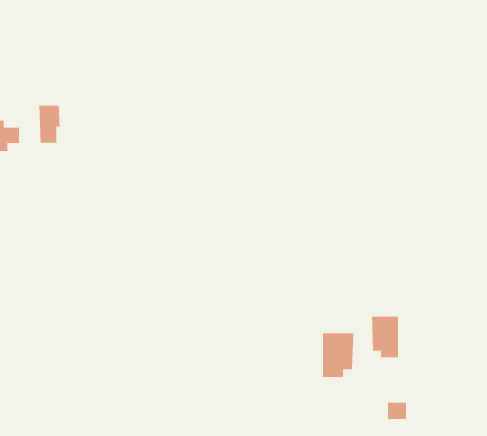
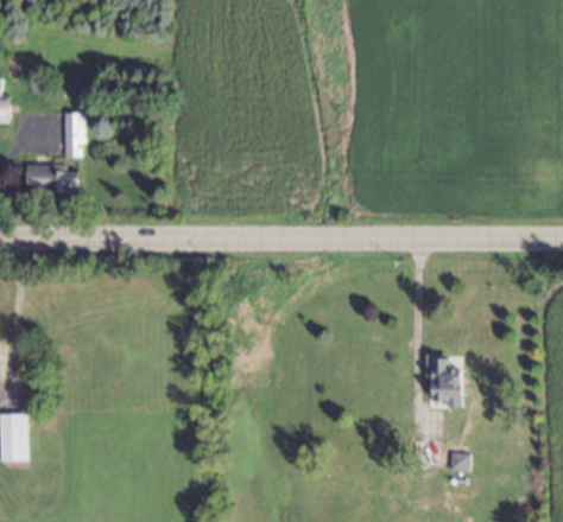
building: [39,105,61,143] -> [61,116,83,155]
building: [323,332,354,378] -> none

